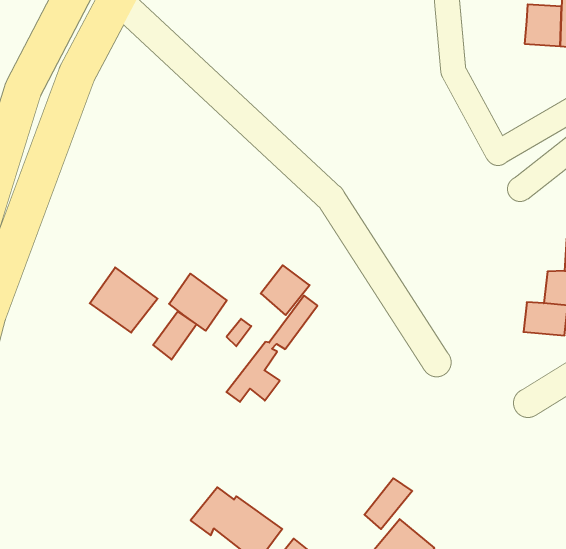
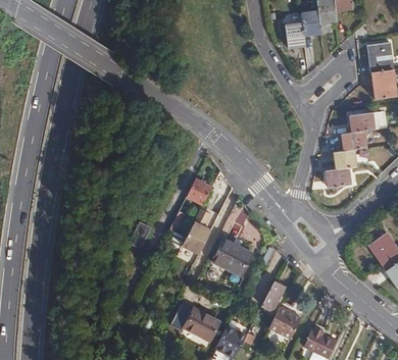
building: none -> [286,22,306,47]
building: [90,267,158,333] -> none
building: [169,274,227,331] -> none
building: none -> [212,235,253,272]

